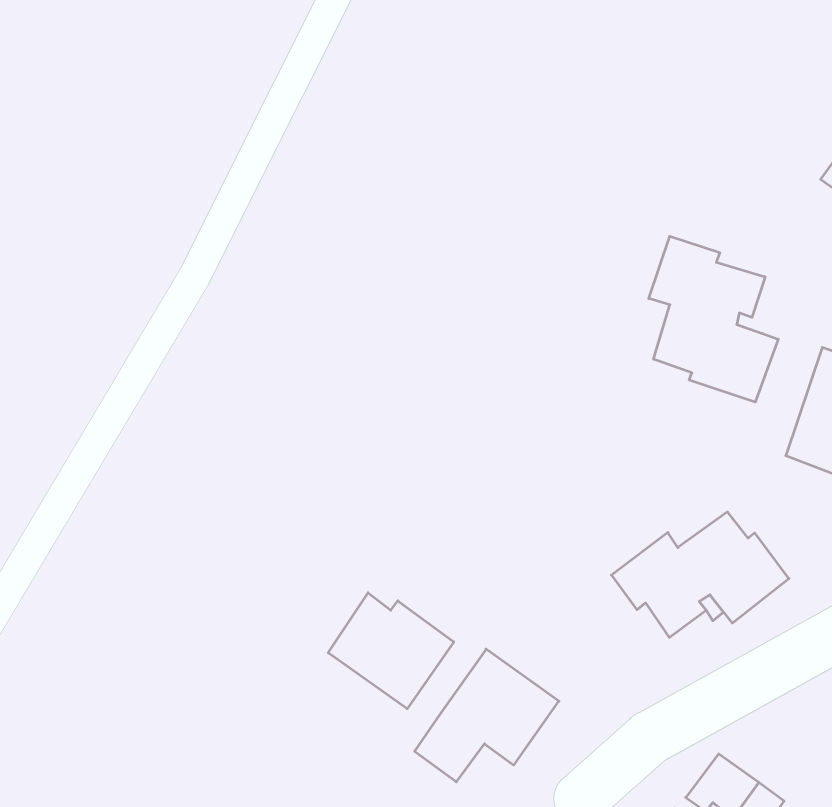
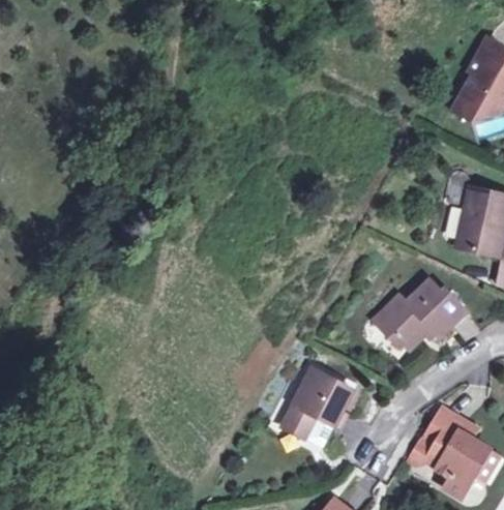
building: [649,236,778,402] -> none
building: [328,593,454,709] -> none

